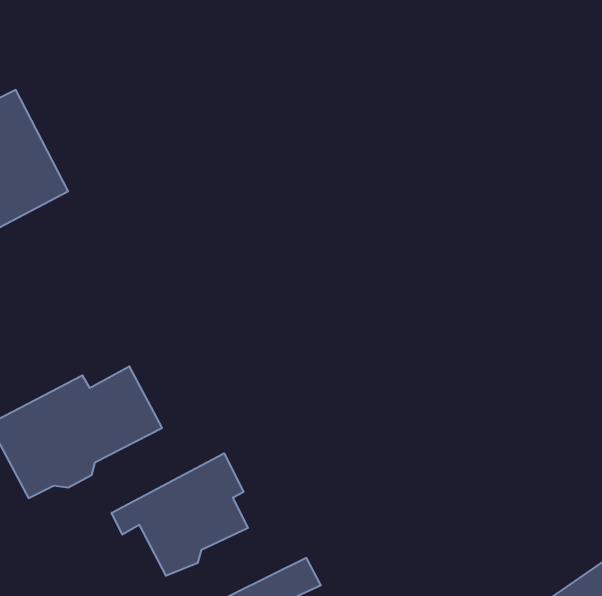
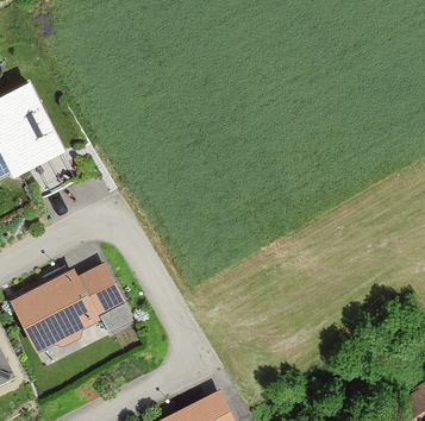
building: [112,453,248,576] -> none

